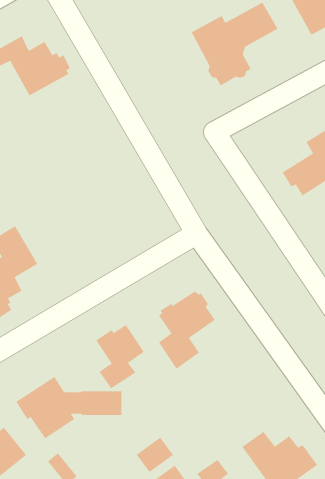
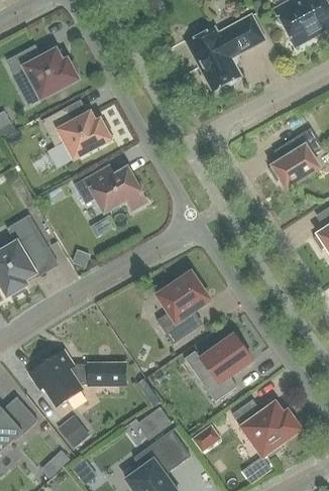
building: none -> [42,107,112,158]
building: none -> [74,167,146,213]
building: [95,324,145,389] -> none
building: none -> [200,335,252,400]

